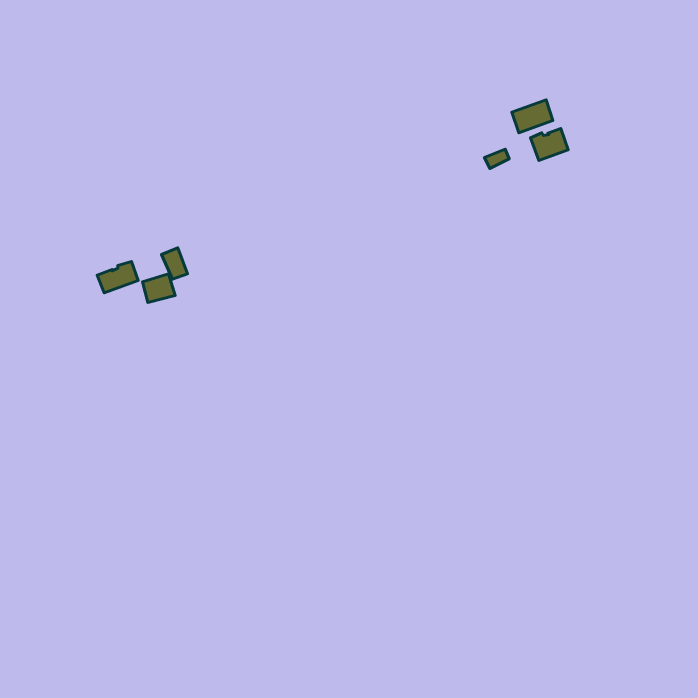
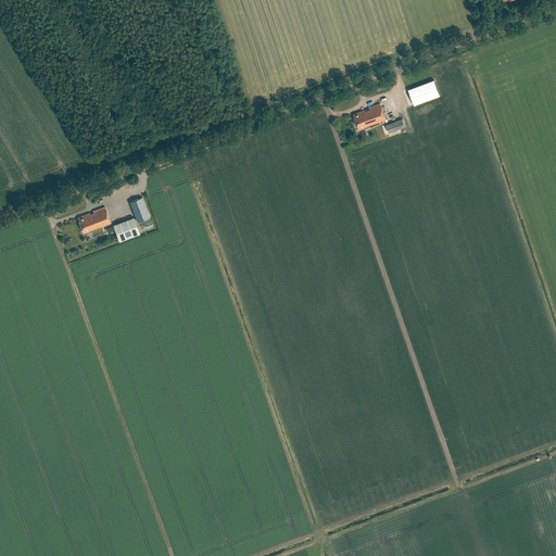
building: [530,128,568,160] -> none
building: none -> [352,104,386,130]

